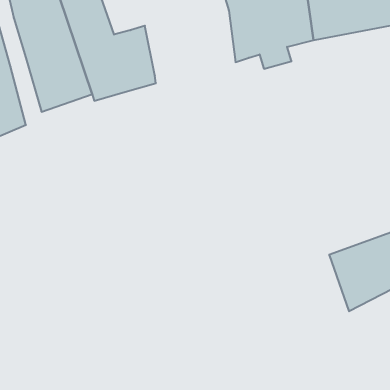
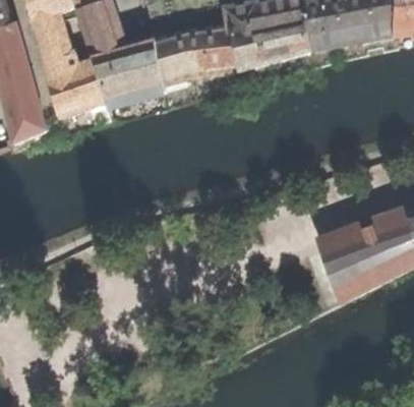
building: none -> [154,21,237,81]

